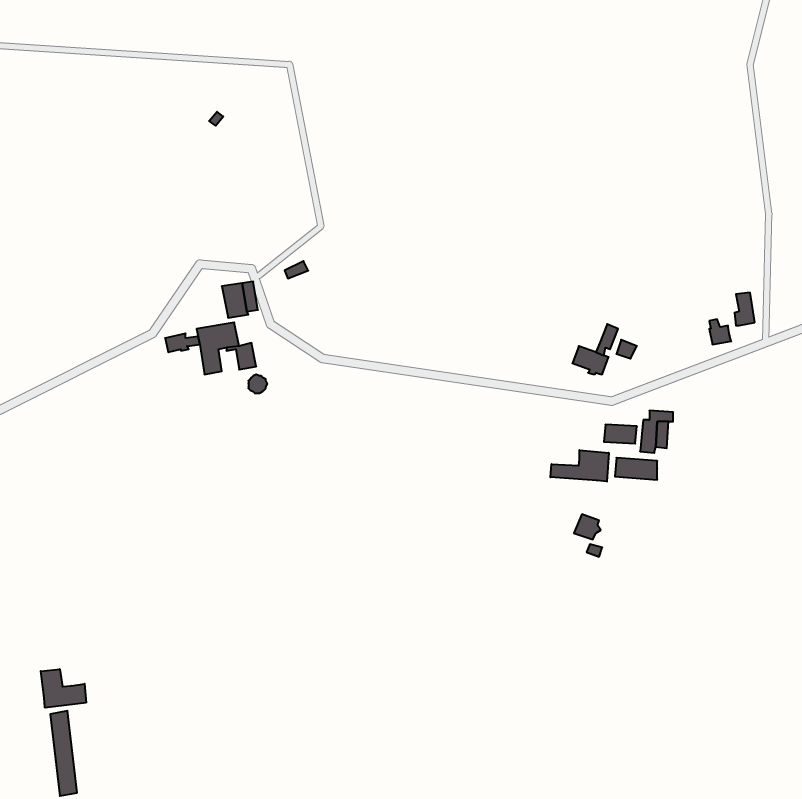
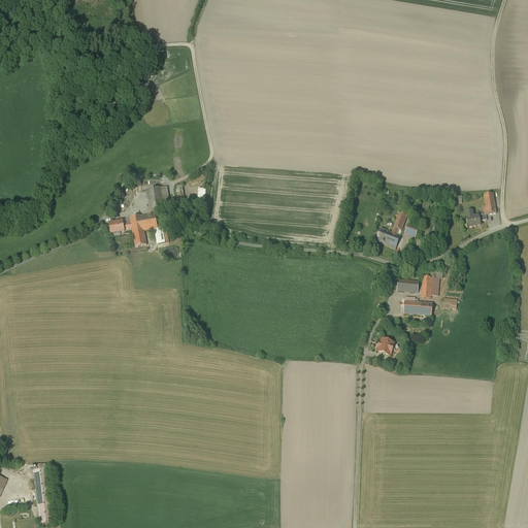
building: [550,450,609,482] -> none
building: [41,669,86,708] -> none

